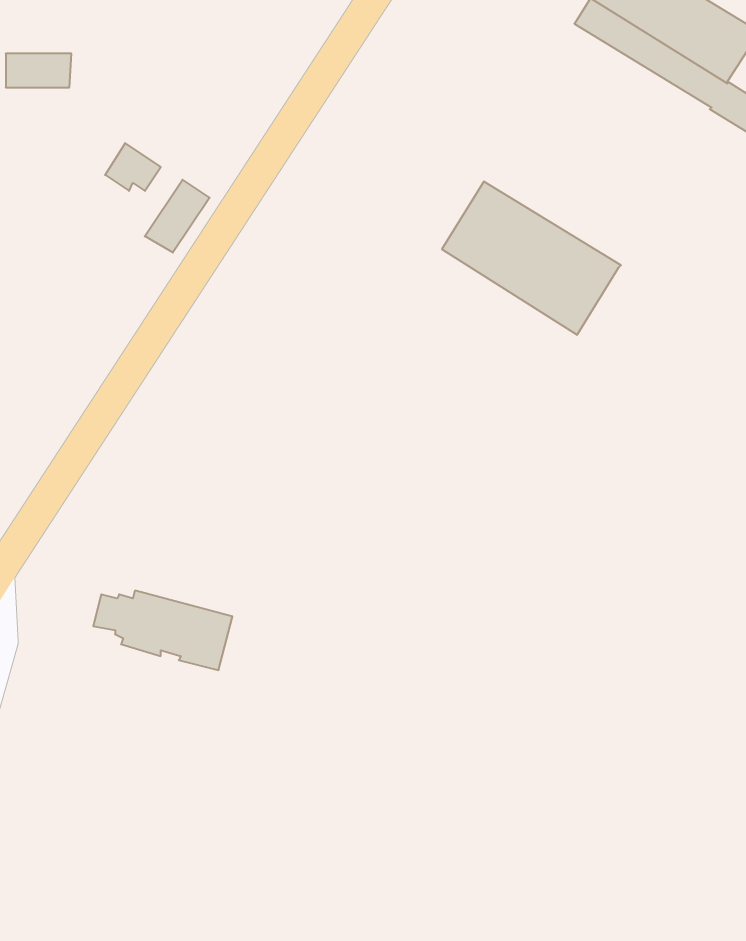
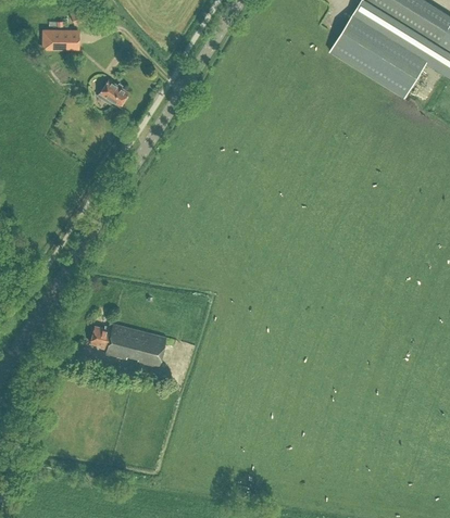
building: [145,180,210,253] -> none
building: [442,182,621,335] -> [330,14,428,98]

